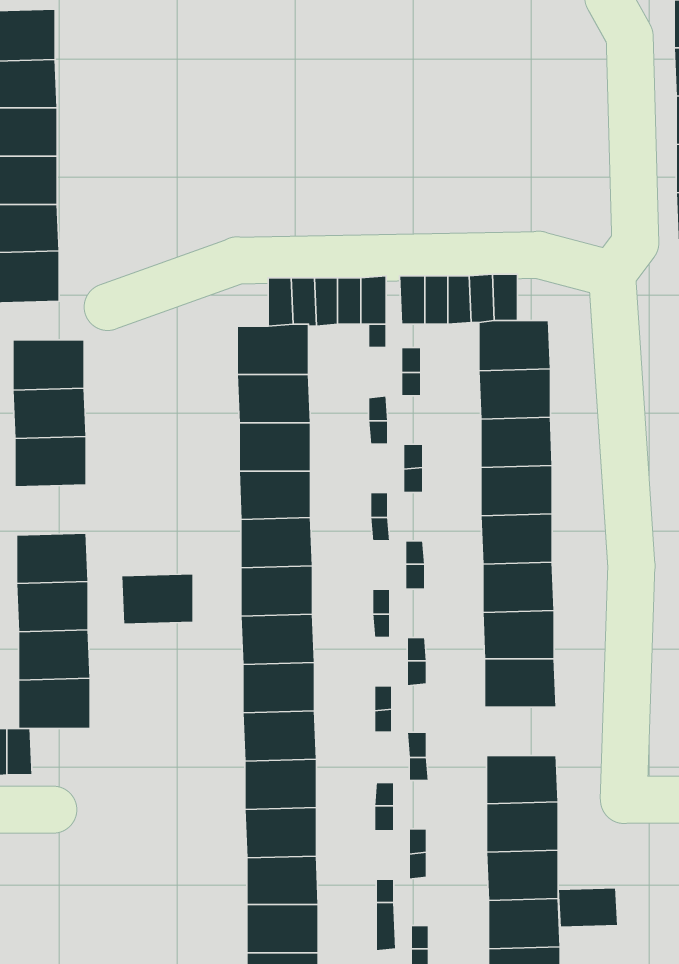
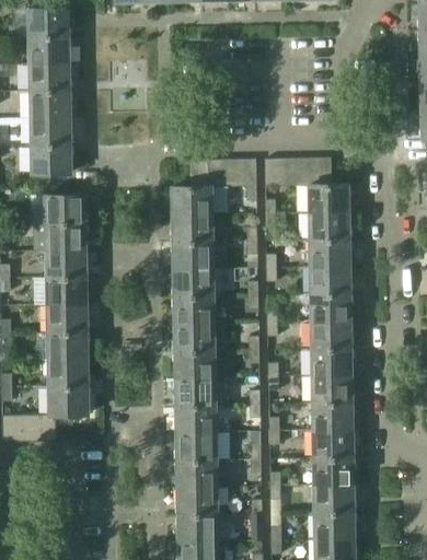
building: [122,574,193,624] -> [46,277,86,305]
building: none -> [312,402,353,430]
building: [558,888,618,927] -> none

